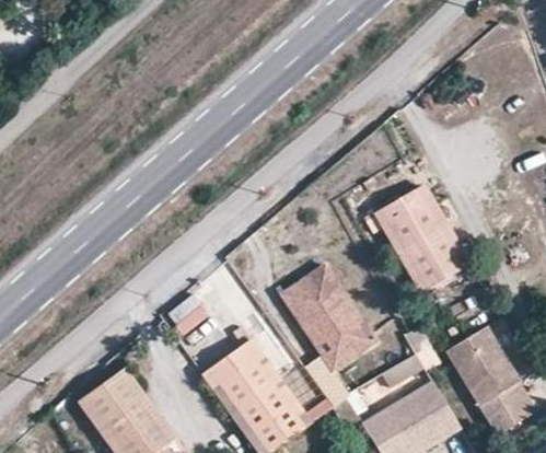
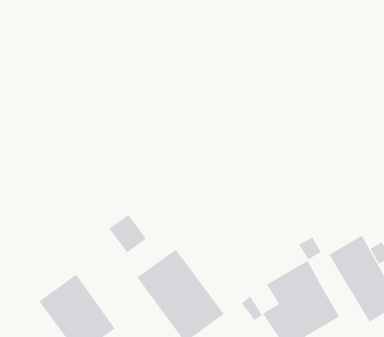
building: [376,186,468,293] -> none
building: [281,264,376,369] -> none

